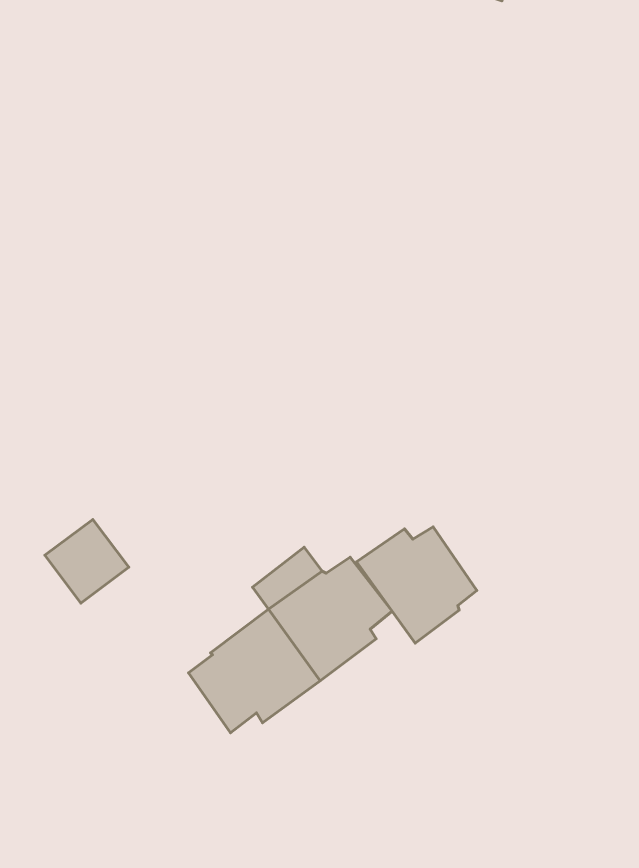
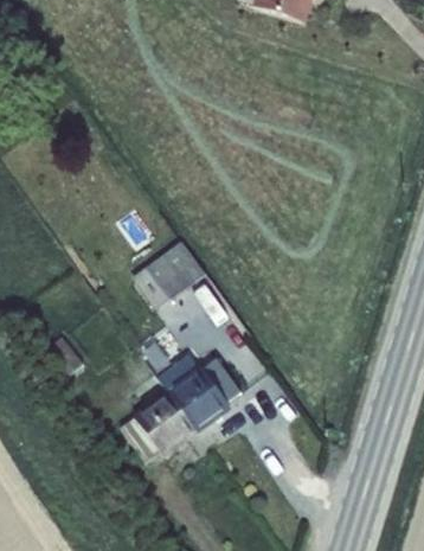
building: none -> [136,236,211,307]
building: [356,527,477,643] -> none

